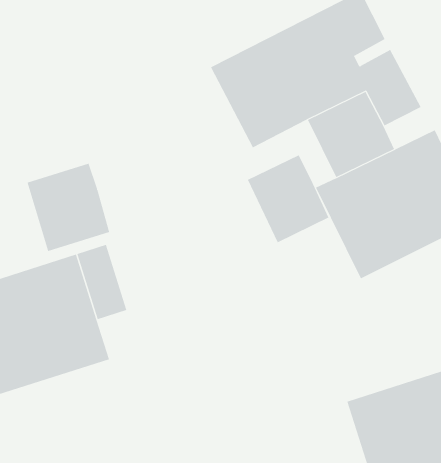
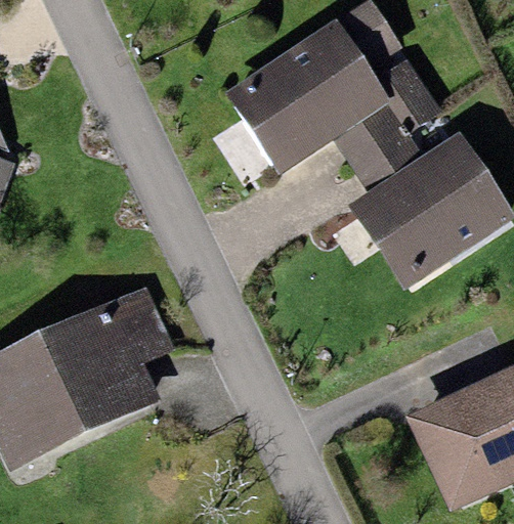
building: [247,154,329,243] -> none
building: [27,163,110,252] -> none

